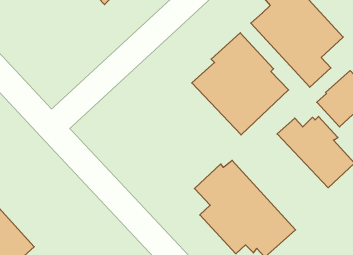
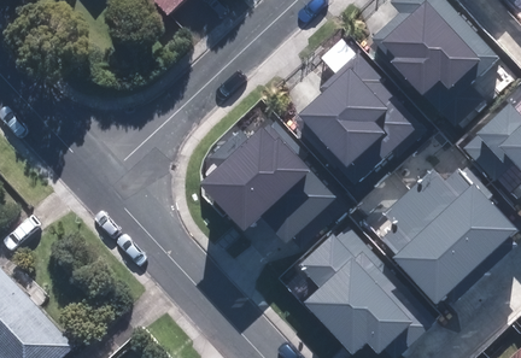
building: none -> [198,122,334,242]
building: none -> [380,190,478,306]

